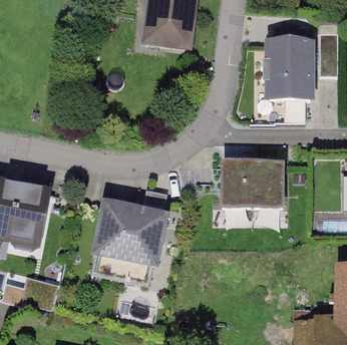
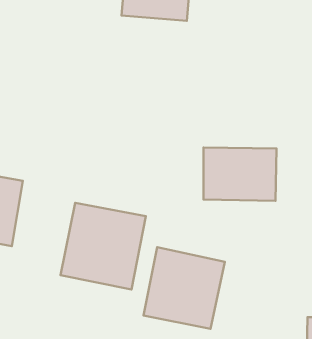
building: [262,33,310,98] -> none
building: none -> [144,247,225,329]

